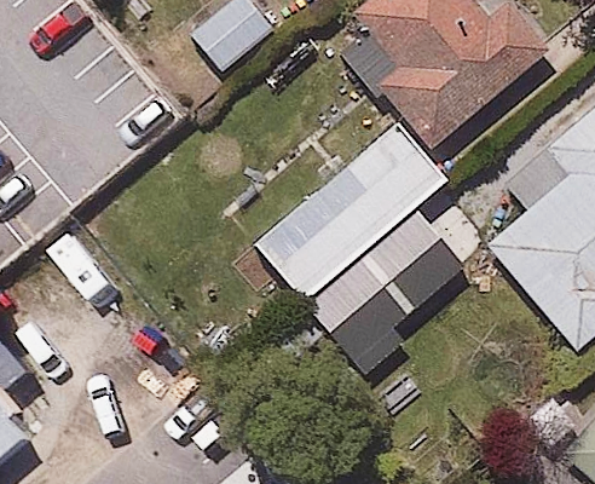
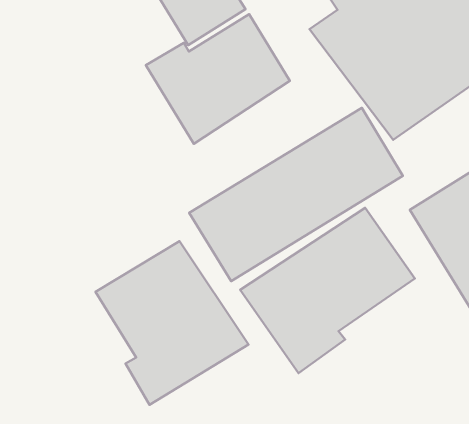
building: none -> [146,14,290,144]
building: none -> [96,241,248,405]

